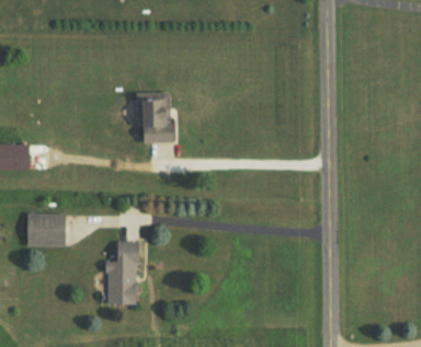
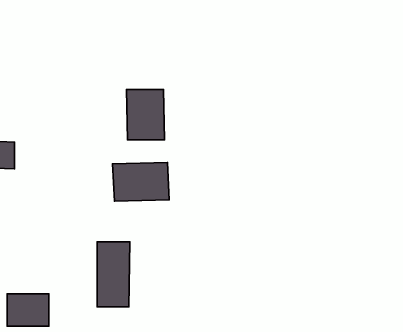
building: none -> [113,163,169,201]
building: [24,215,65,246] -> [7,294,49,326]

